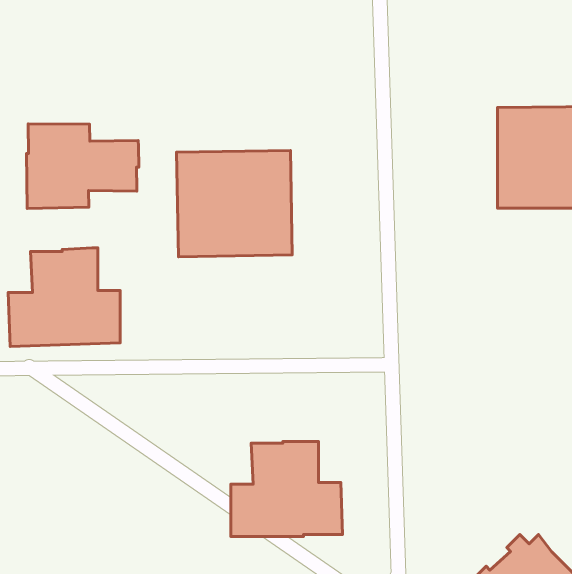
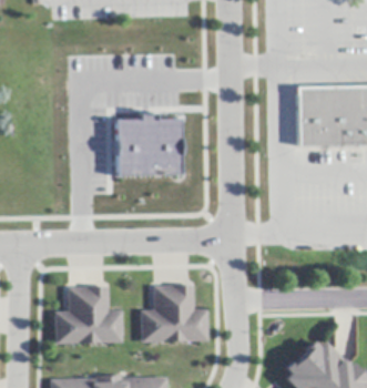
building: [26,124,139,208] -> none
building: [8,248,120,347] -> [54,285,121,344]

